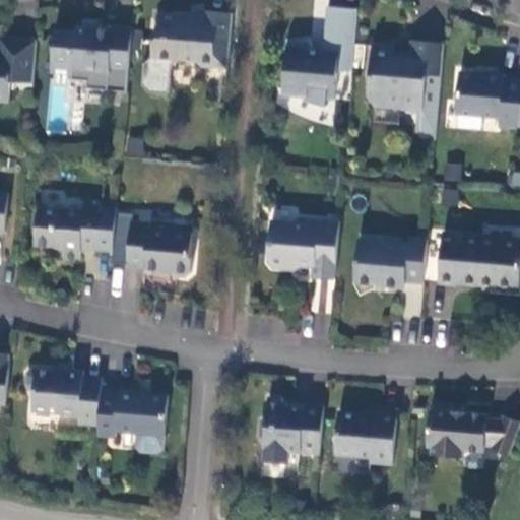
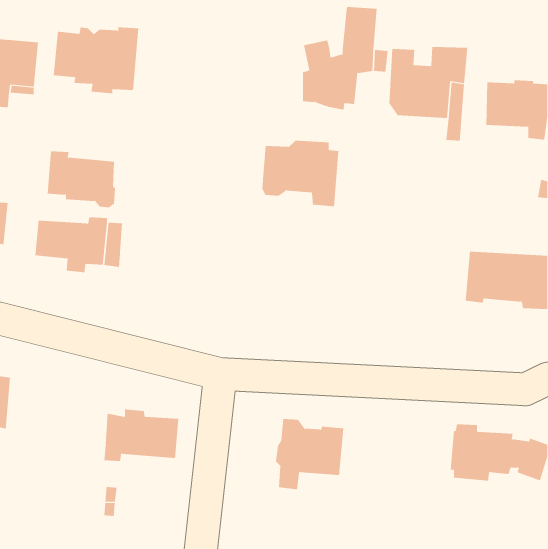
building: [141,13,231,93] -> none
building: [265,219,338,282] -> [262,140,339,207]
building: [129,223,194,277] -> [47,151,116,208]
building: [354,238,426,294] -> none
building: [22,371,102,426] -> none
building: [334,407,395,461] -> none

